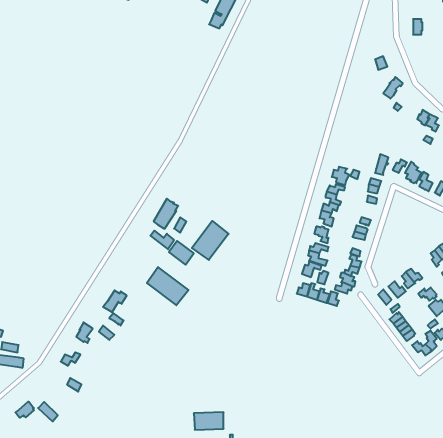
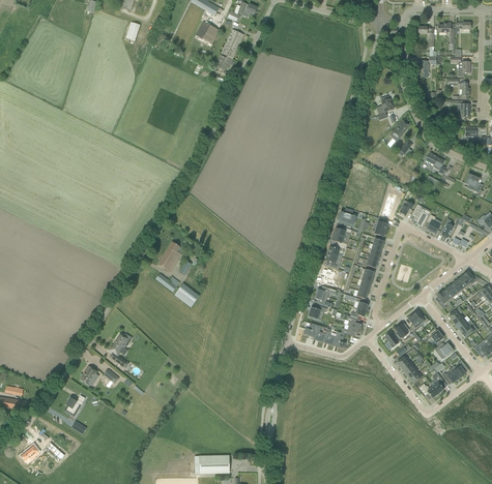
building: [192,221,229,260] -> none
building: [147,267,188,305] -> none

